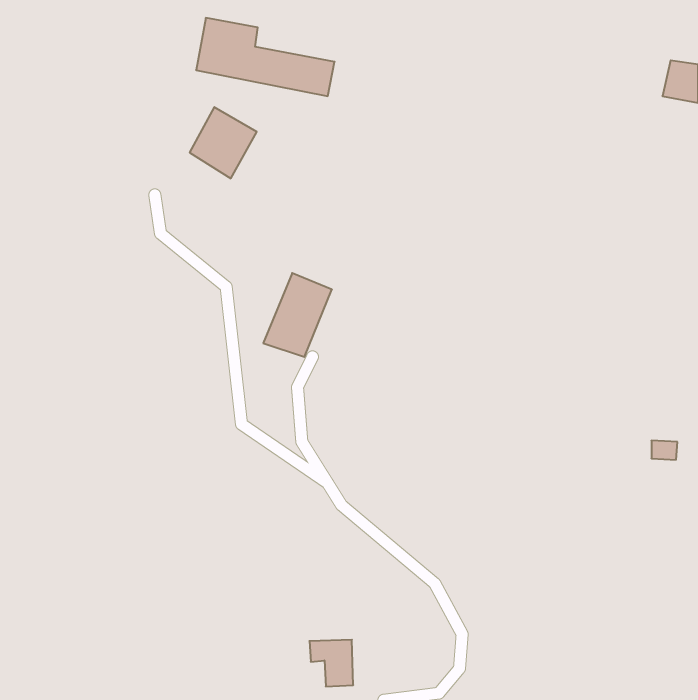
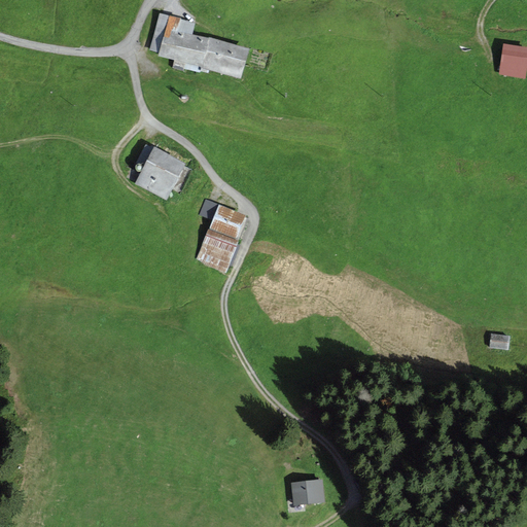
building: [190,107,257,178] -> [135,146,185,200]
building: [309,640,353,686] -> [289,480,322,515]

